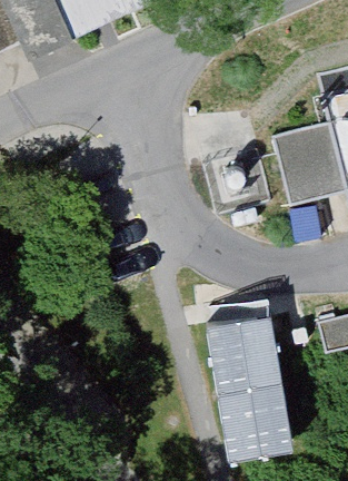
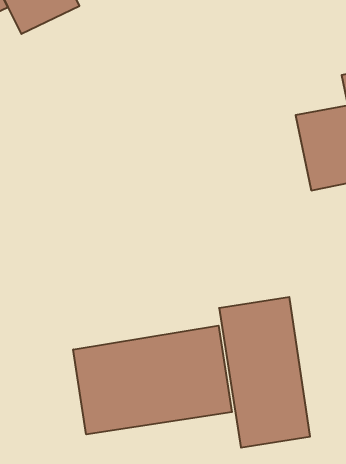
building: none -> [73,326,232,434]

